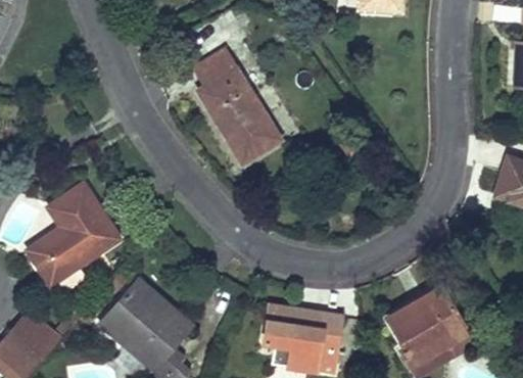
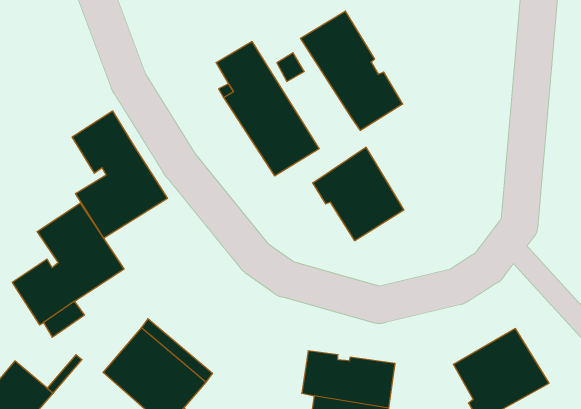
building: none -> [300,11,403,130]
building: none -> [72,111,167,238]
building: none -> [313,147,404,241]

